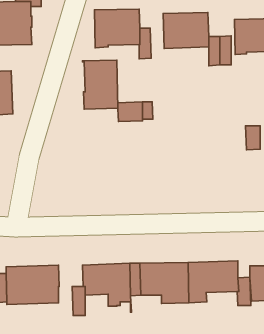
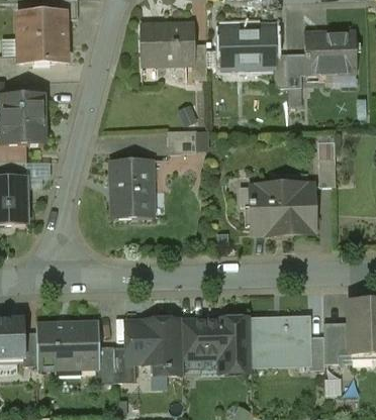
building: [83,60,118,109] -> [110,160,152,217]
building: none -> [249,185,313,233]
building: none -> [97,347,114,383]

